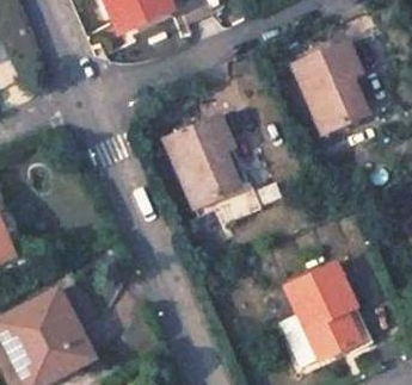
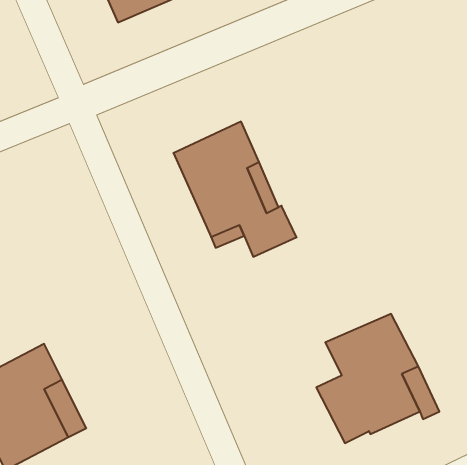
building: [293,41,365,132] -> none

